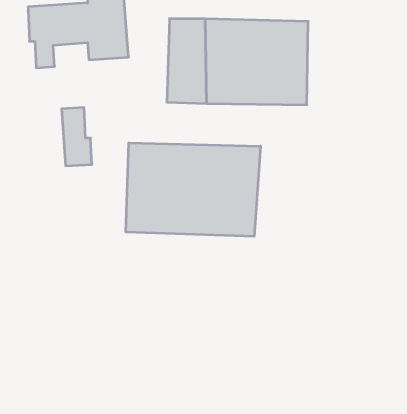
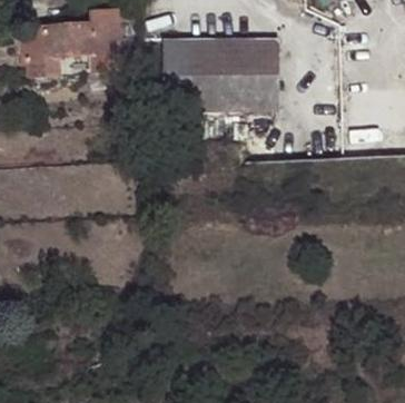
building: [62,108,92,166] -> [26,29,51,78]
building: [126,143,260,236] -> none

